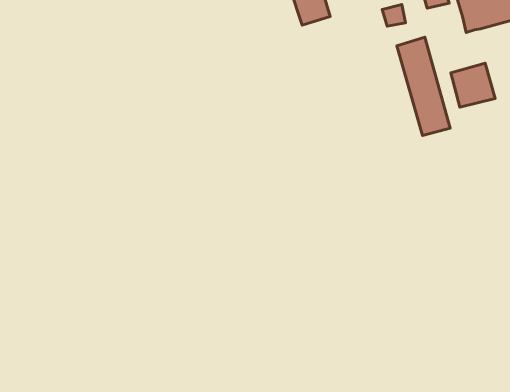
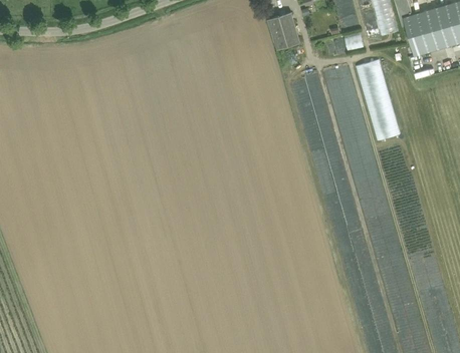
building: [451,63,495,107] -> none

